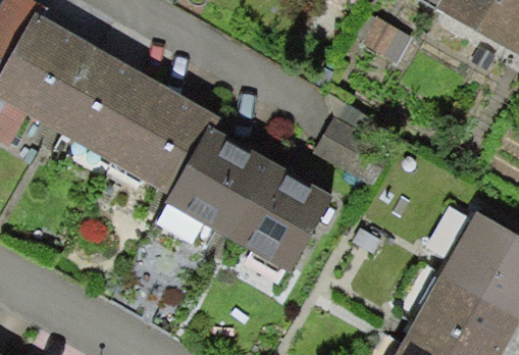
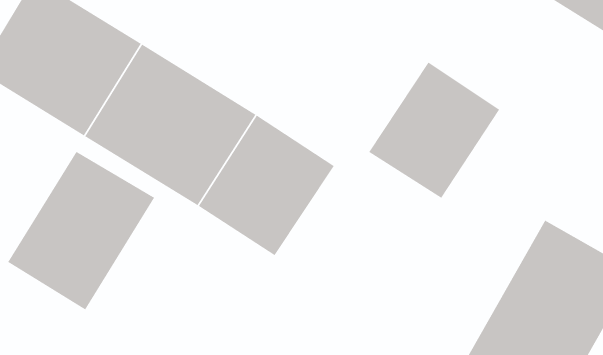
building: none -> [7,151,155,311]
building: [241,171,351,286] -> [368,62,500,199]

